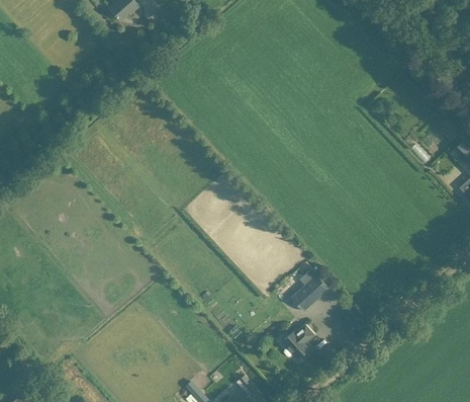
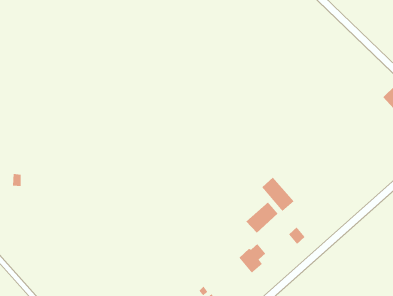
building: none -> [261,177,295,212]

